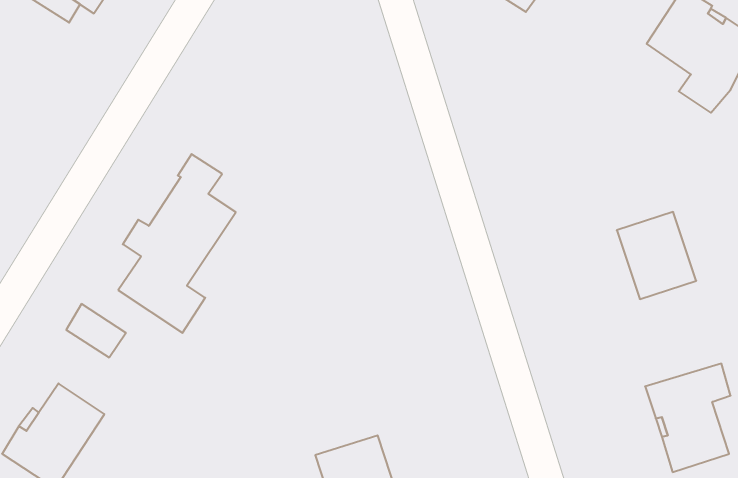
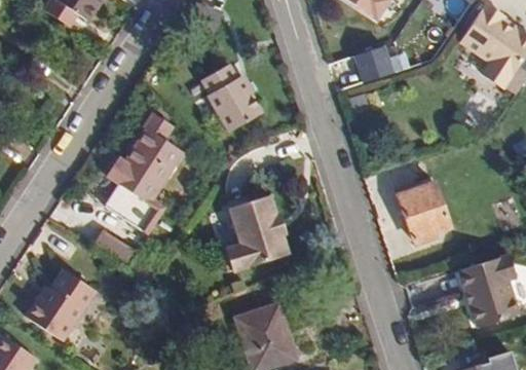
building: none -> [352,46,391,83]
building: none -> [200,65,261,132]
building: [617,212,696,299] -> [396,182,449,240]
building: none -> [226,192,288,268]

